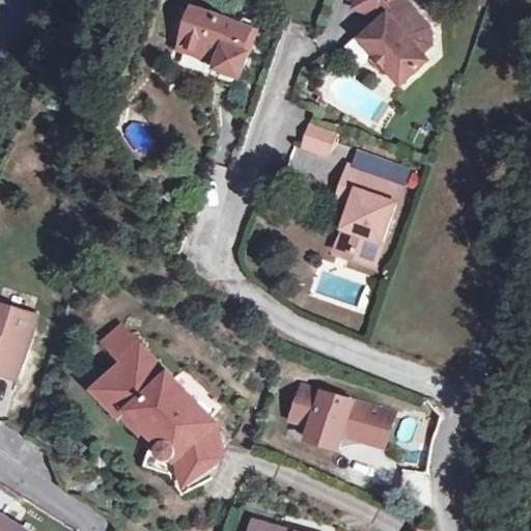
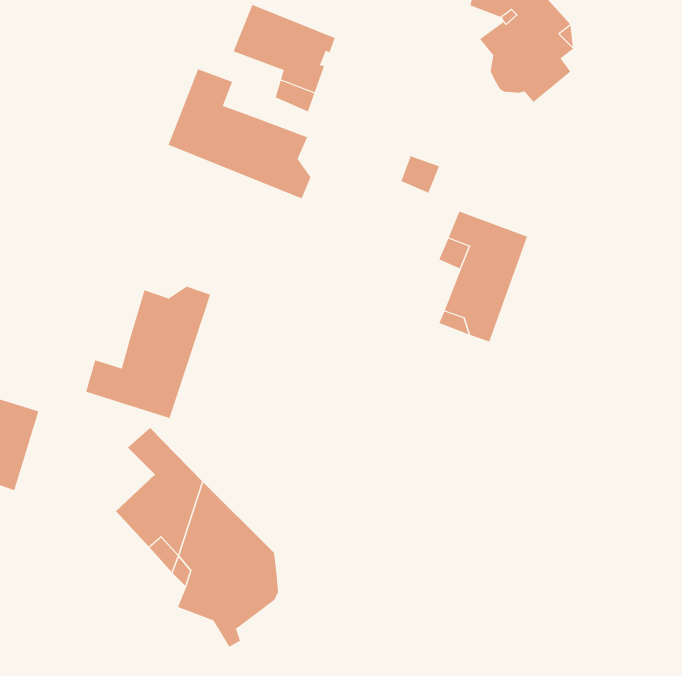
building: none -> [168,69,311,199]
building: none -> [86,286,211,419]
building: [279,370,391,440] -> none

